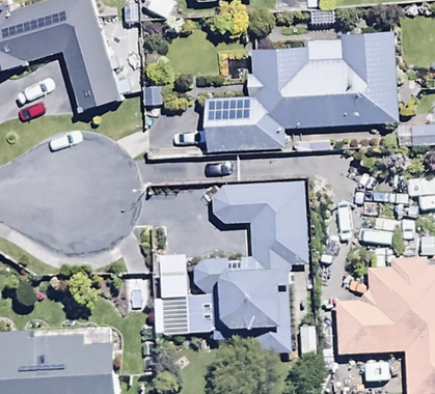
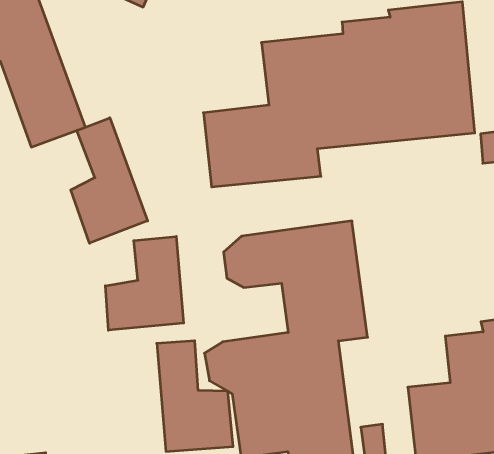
building: none -> [71,118,148,243]
building: none -> [105,236,184,330]

